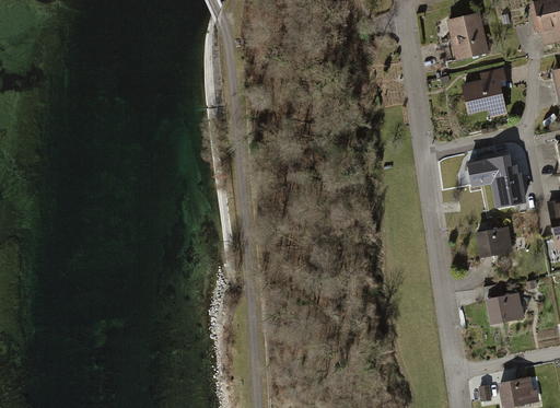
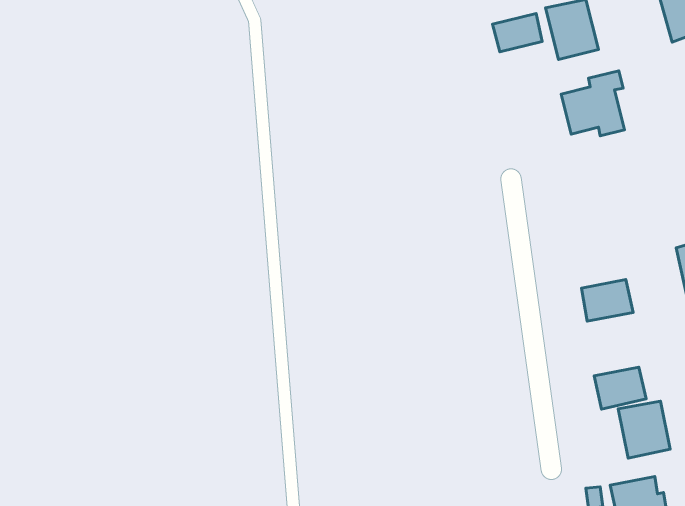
building: none -> [493,13,542,52]
building: [467,145,528,200] -> none
building: none -> [618,401,670,458]

